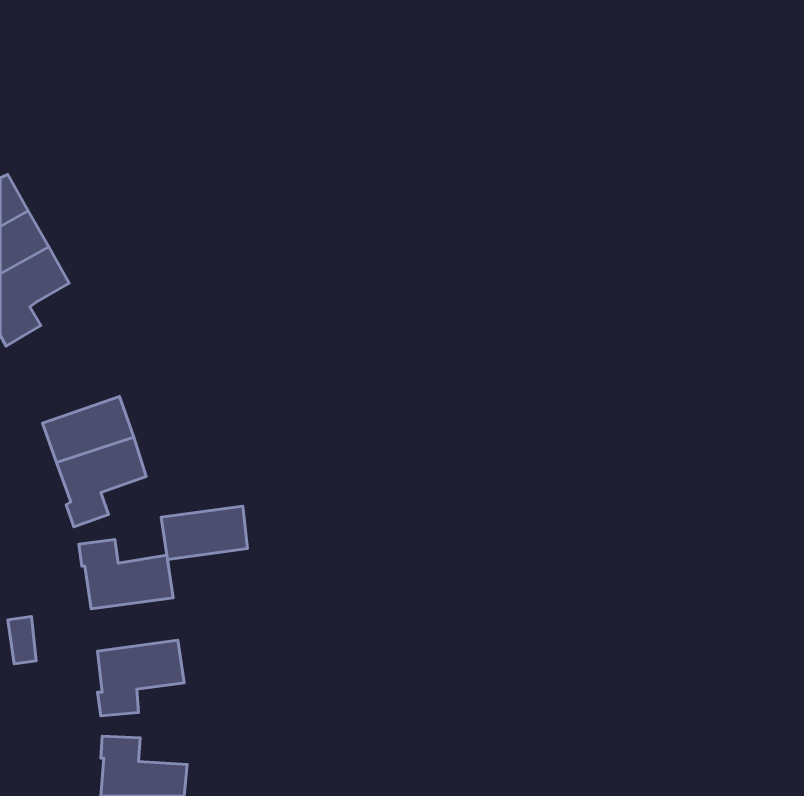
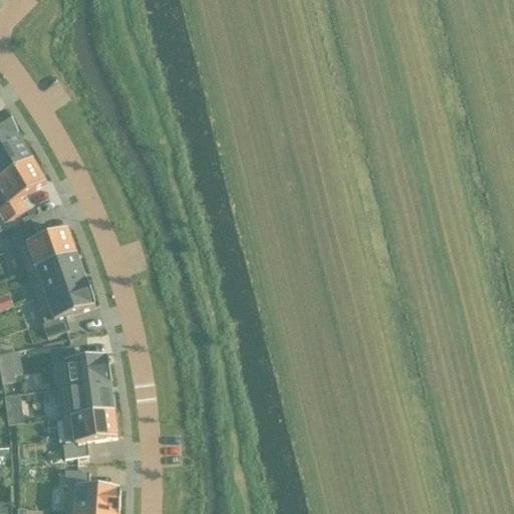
building: none -> [11,224,76,270]
building: [161,506,248,560] -> [58,381,113,416]

